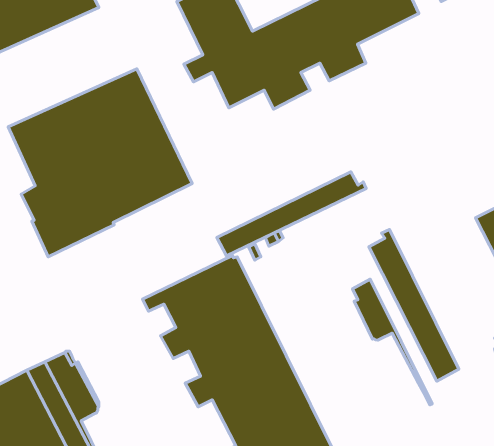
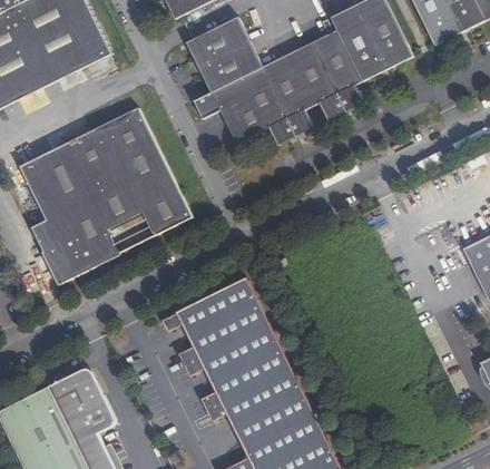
building: [217,172,366,256] -> none
building: [369,230,459,381] -> none
building: [353,279,432,405] -> none

